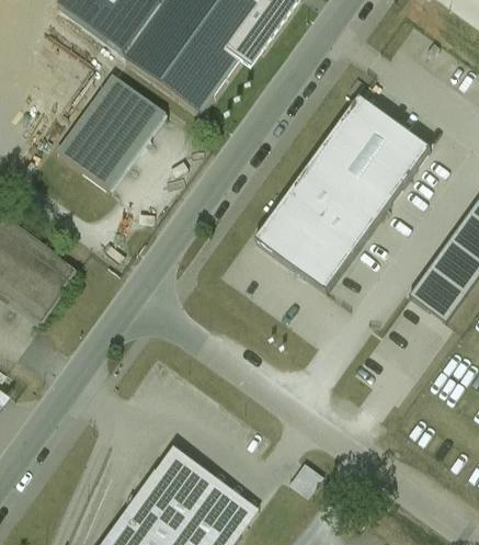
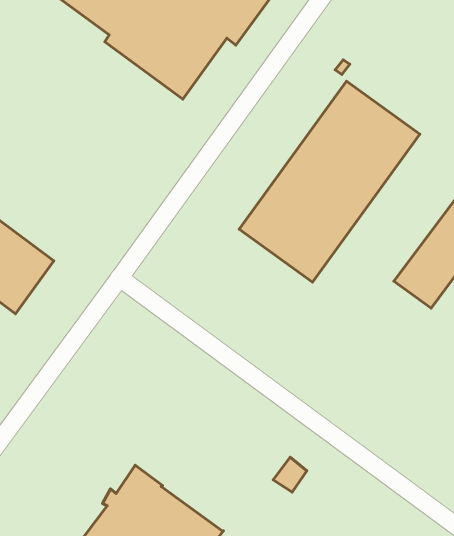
building: [54,73,164,190] -> none
building: [155,446,258,533] -> none

